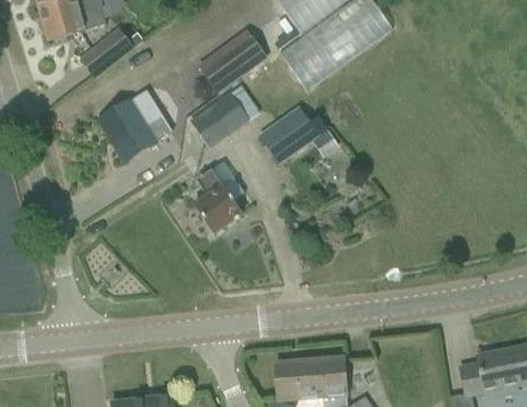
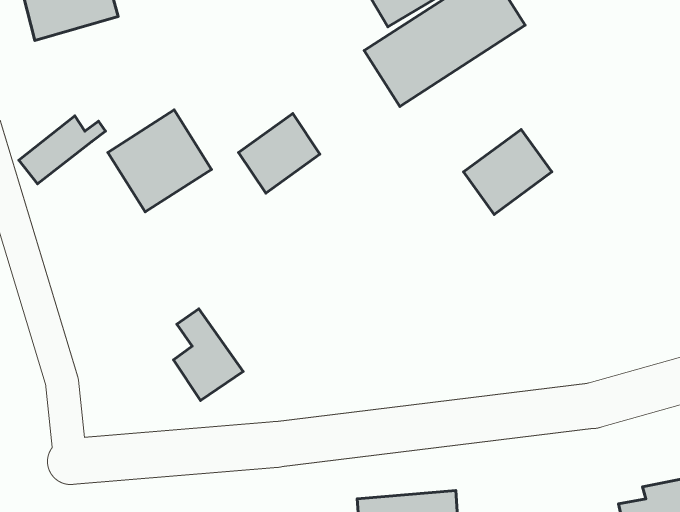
building: [80,28,141,75] -> [19,116,105,184]
building: [196,28,267,92] -> none
building: [258,104,320,164] -> [463,130,552,214]
building: [193,168,242,232] -> [173,309,243,401]

